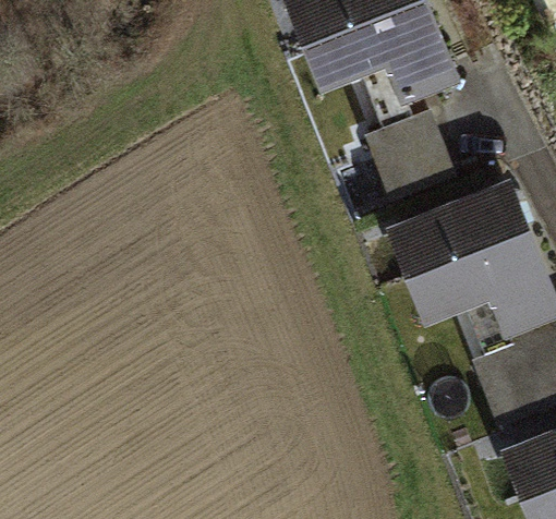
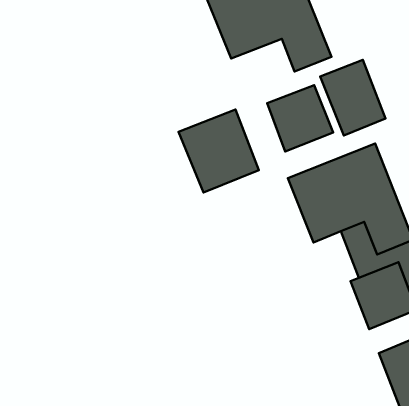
building: none -> [320,60,386,135]
building: none -> [179,110,259,192]

